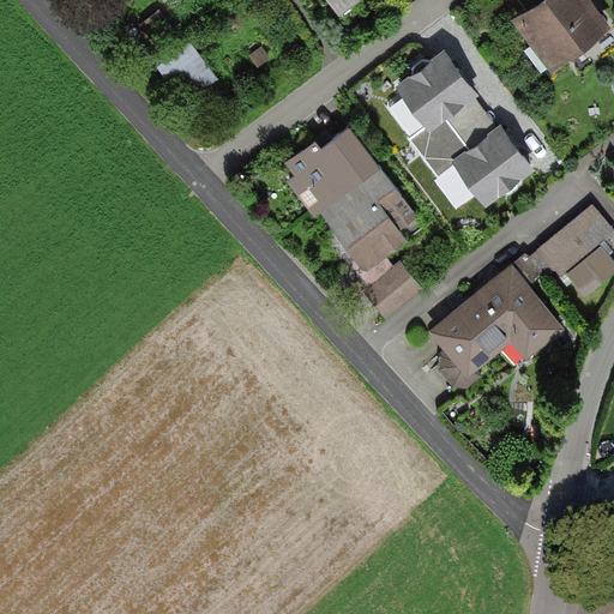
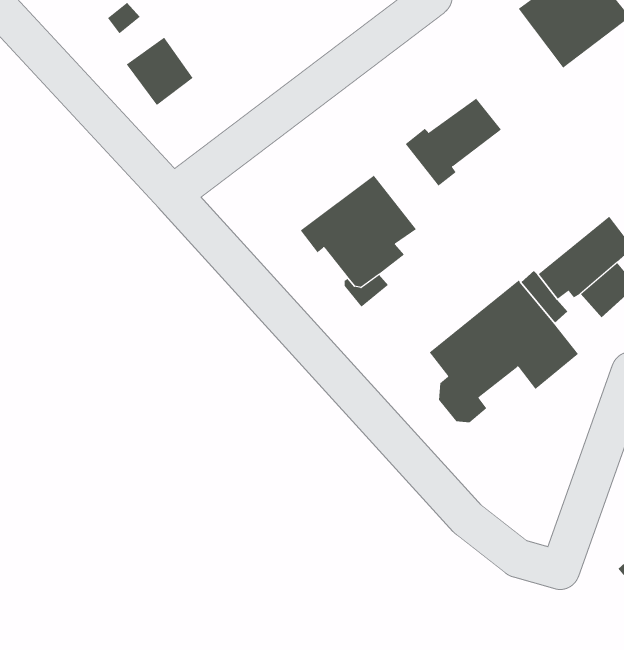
building: [395,47,478,130] -> none
building: [451,124,535,206] -> none
building: [285,125,380,218] -> none

